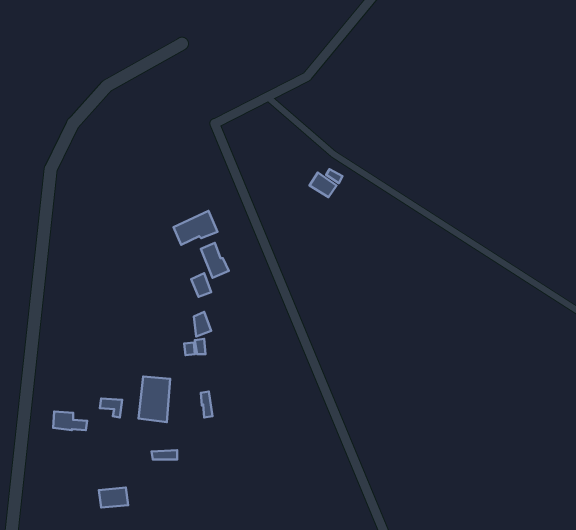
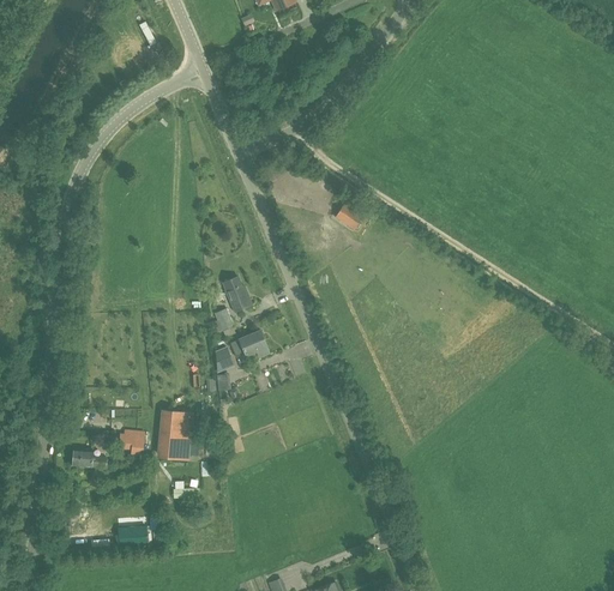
building: [173,211,217,245] -> none
building: none -> [229,330,269,356]

